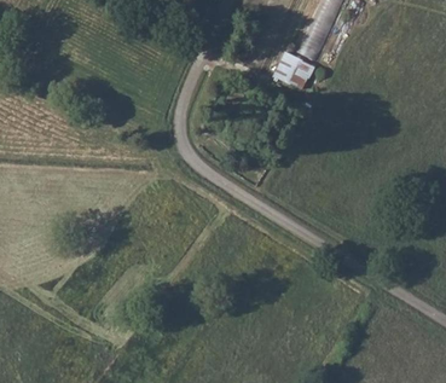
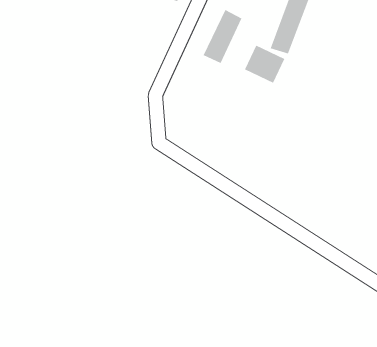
building: none -> [203,9,242,64]

